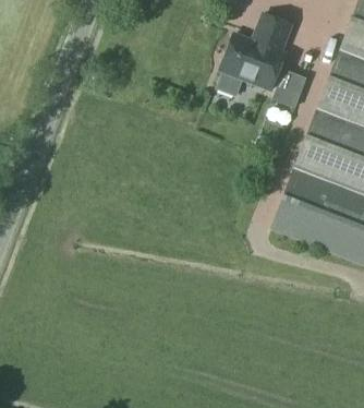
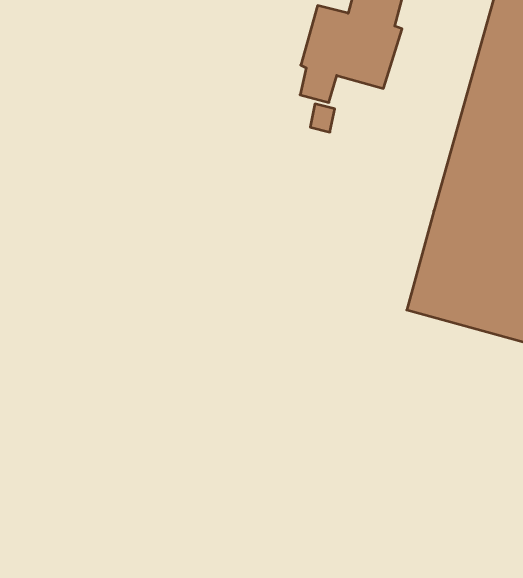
building: [271,70,305,107] -> none

